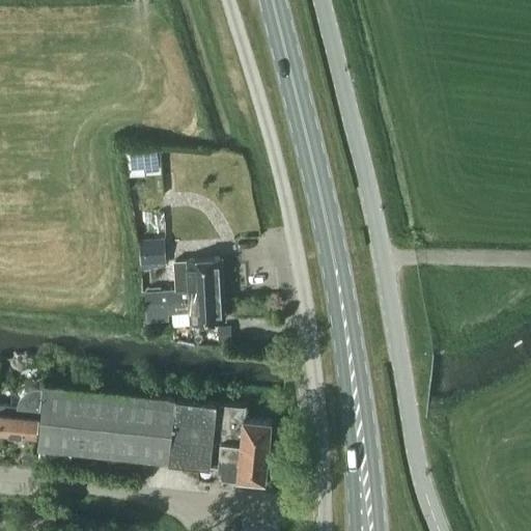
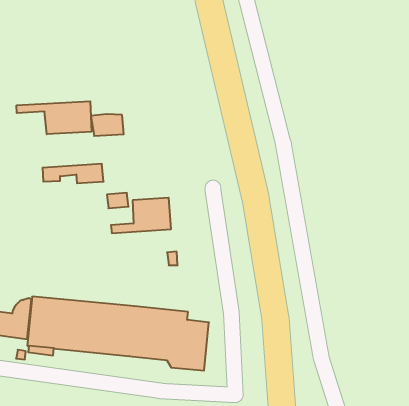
building: none -> [17,101,91,134]
building: [144,302,223,327] -> [42,164,104,183]

